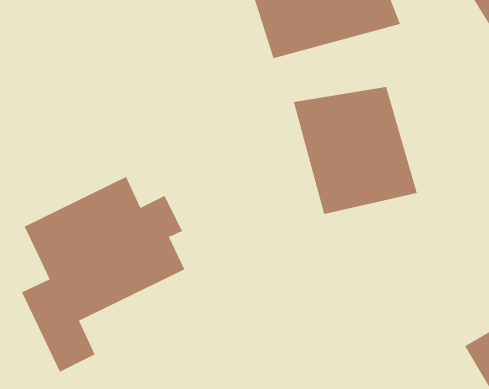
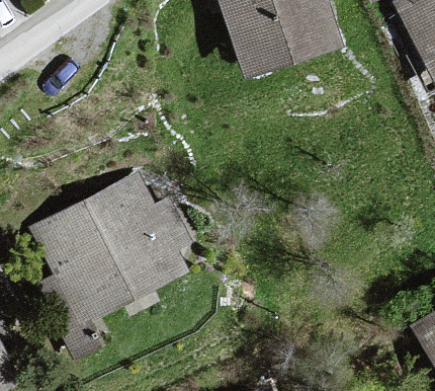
building: [293,86,417,215] -> none

